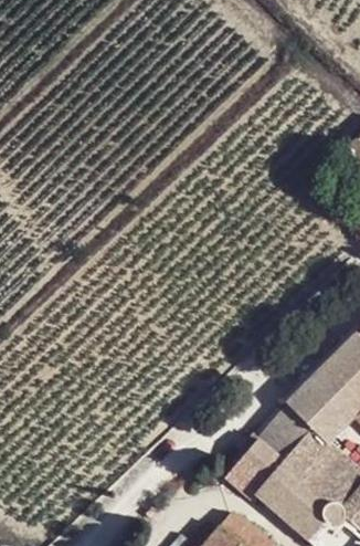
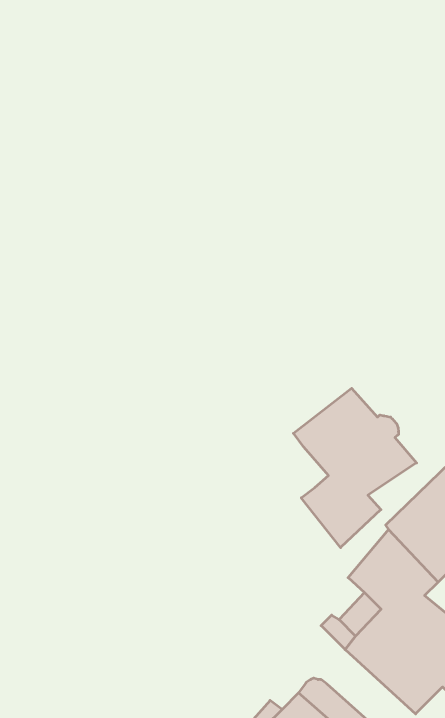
building: none -> [293,388,417,548]

